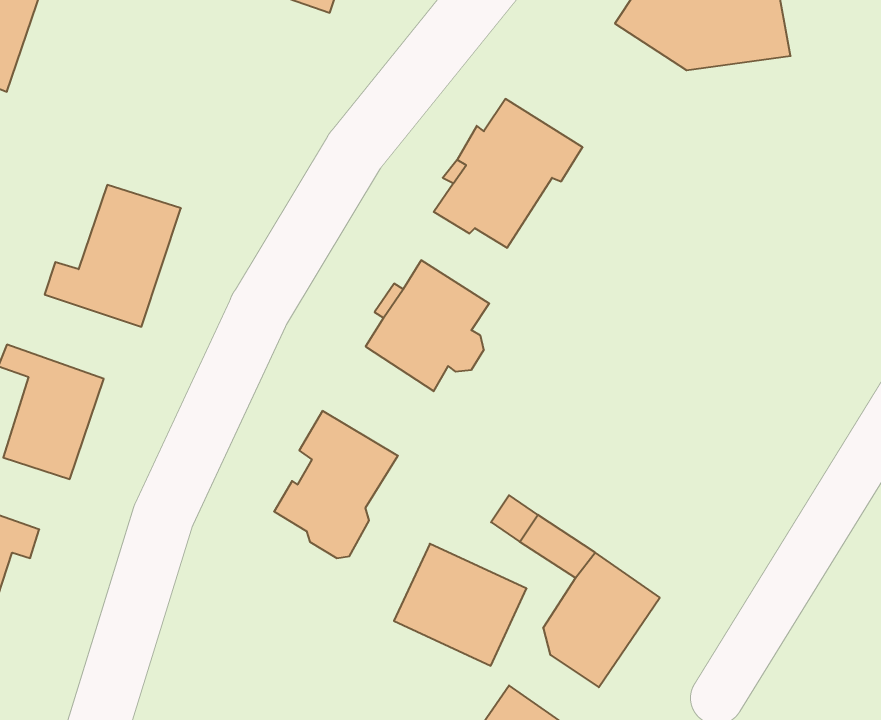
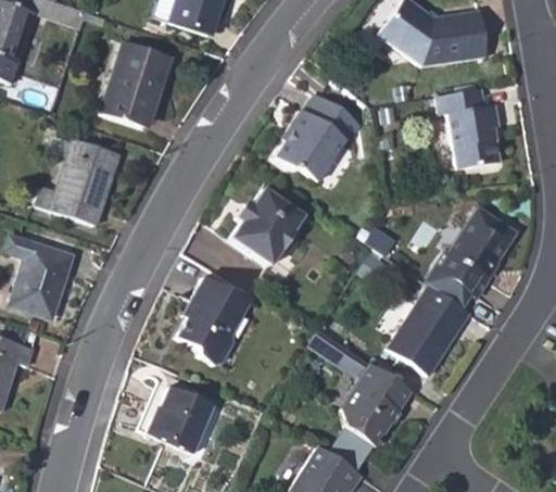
building: none -> [101,42,170,129]
building: none -> [434,89,500,167]
building: none -> [432,210,515,295]
building: none -> [386,282,468,371]
building: [394,544,527,666] -> [139,379,219,453]

